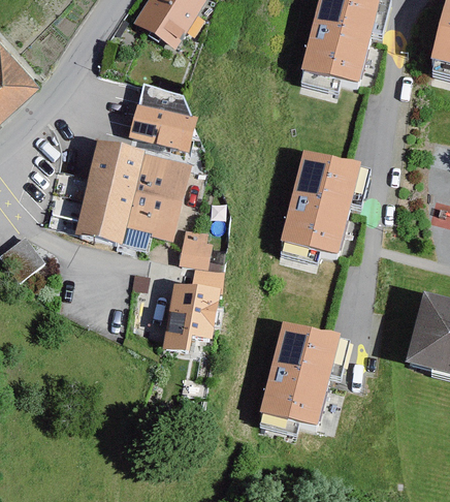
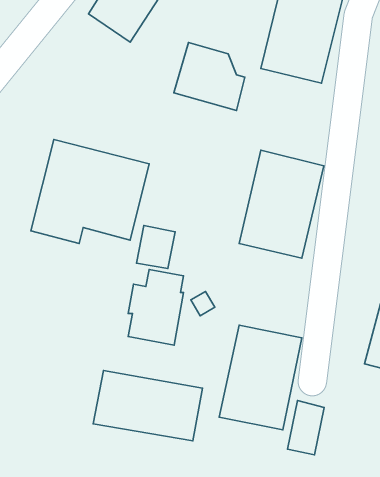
building: [128,82,198,149] -> [174,42,245,111]
building: none -> [93,370,202,441]
building: none -> [287,401,324,455]

